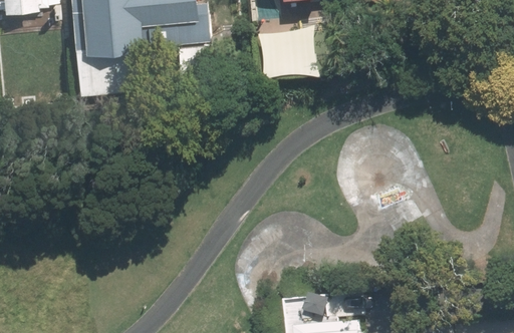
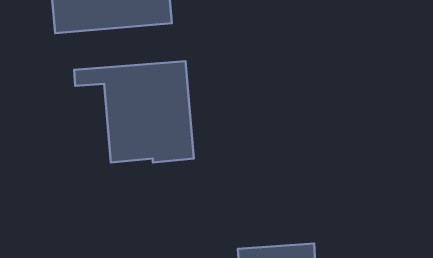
building: none -> [74,61,194,162]

